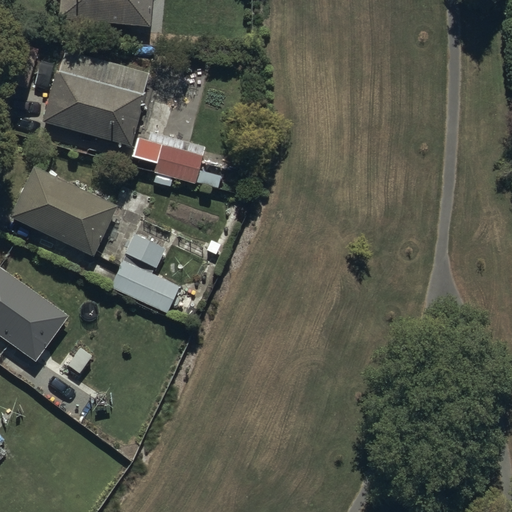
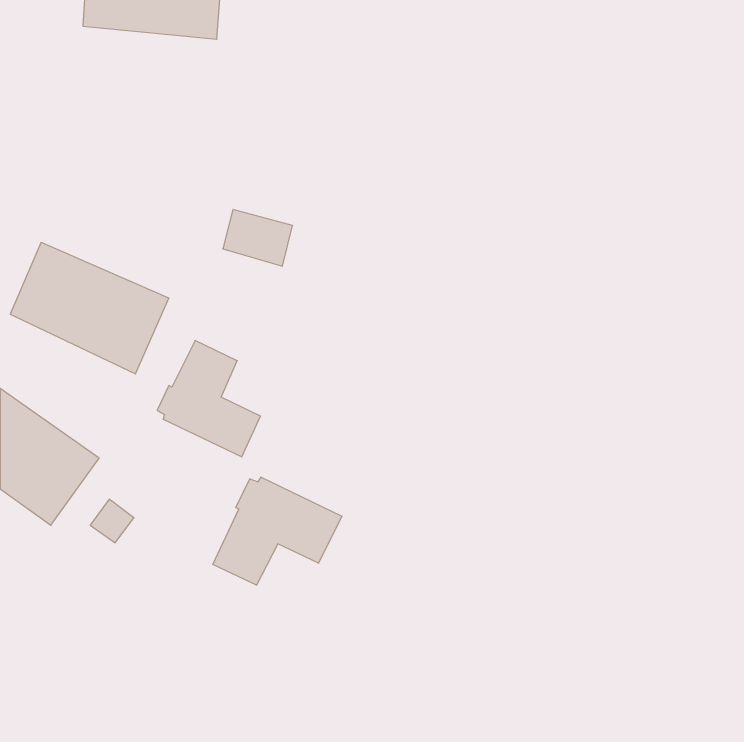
building: [41,49,148,146] -> none
building: none -> [213,477,342,585]

